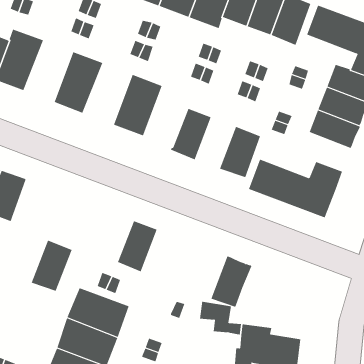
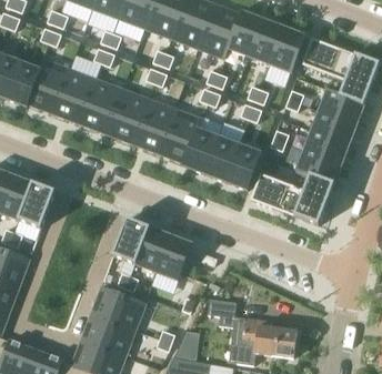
building: none -> [52,68,96,122]
building: none -> [104,88,148,142]
building: none -> [158,108,202,162]
building: none -> [203,135,239,181]
building: none -> [295,149,341,183]
building: [31,240,73,292] -> [112,218,149,263]
building: [211,256,252,308] -> [155,234,192,280]

